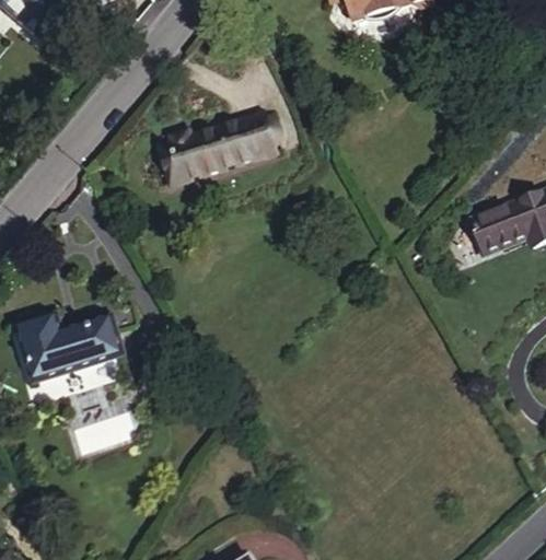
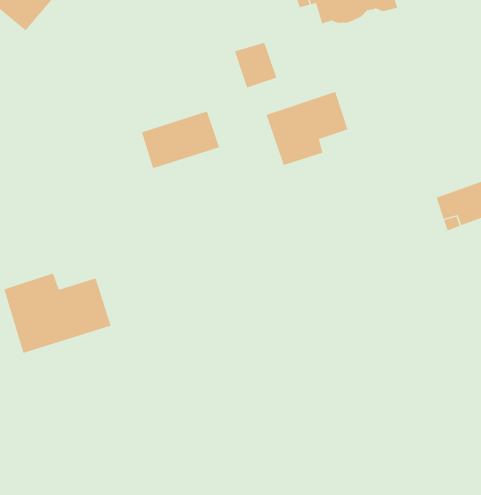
building: none -> [266,91,348,166]
building: [231,110,277,160] -> [234,42,277,88]

